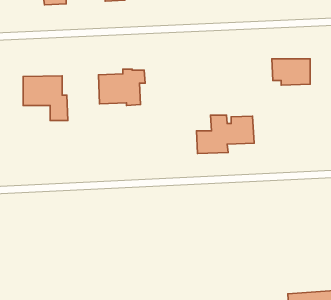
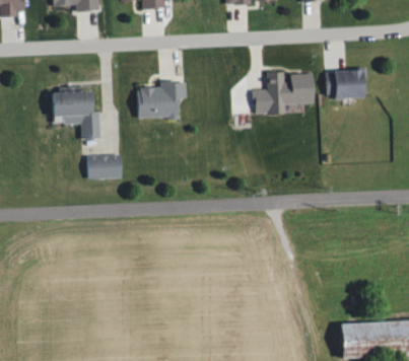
building: [197,115,254,153] -> [252,72,315,114]
building: none -> [86,155,122,181]

